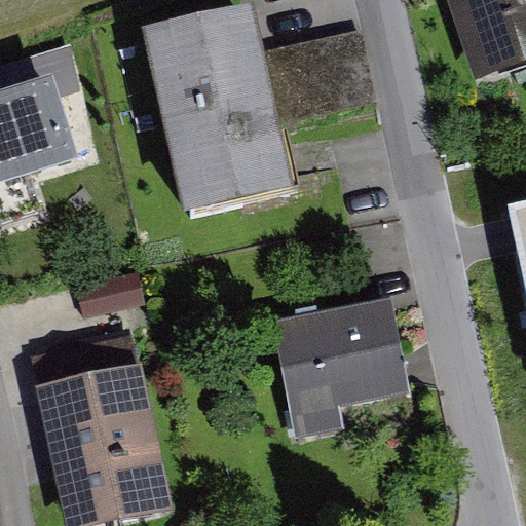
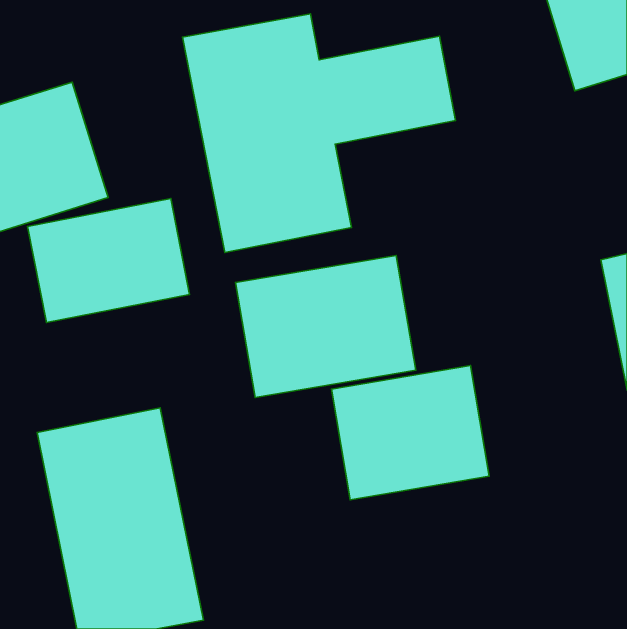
building: none -> [28,199,190,322]
building: none -> [236,255,416,398]

